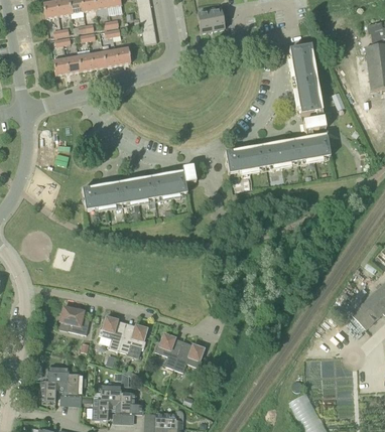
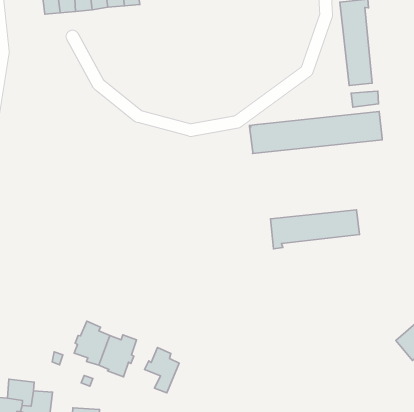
building: [82,163,197,209] -> none
building: none -> [270,210,360,249]
building: [58,304,90,332] -> none
building: [174,342,205,371] -> none

